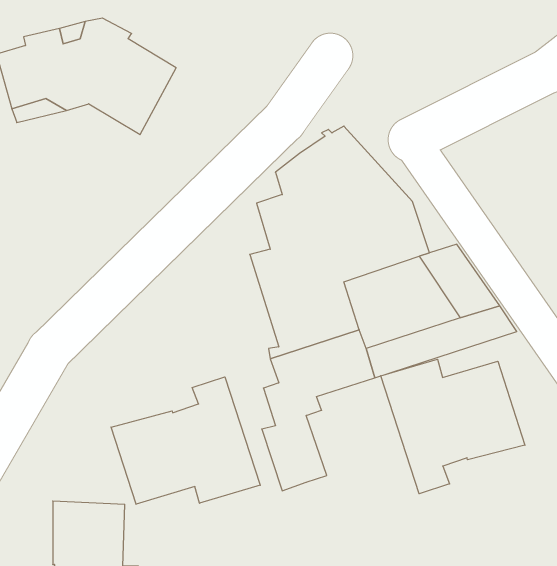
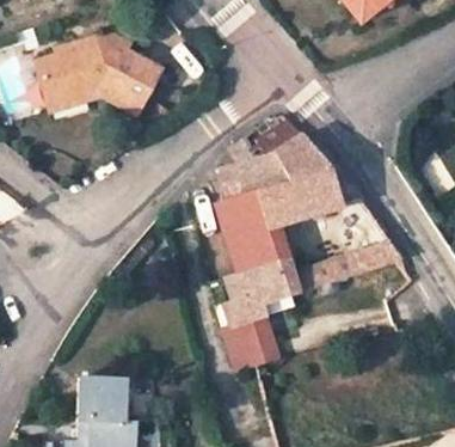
building: [381,359,525,494] -> none
building: [111,377,260,504] -> none

